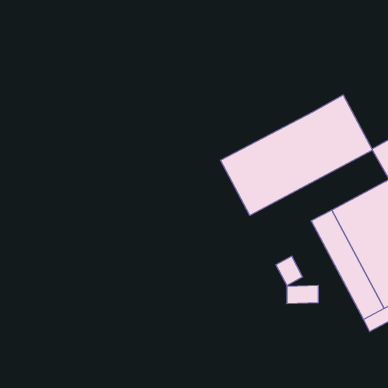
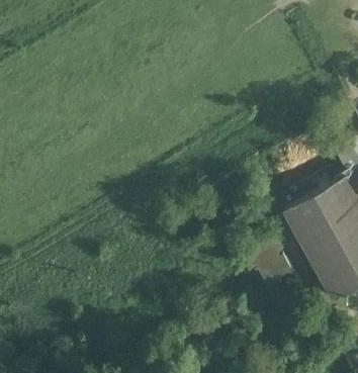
building: [221,95,373,215] -> none

